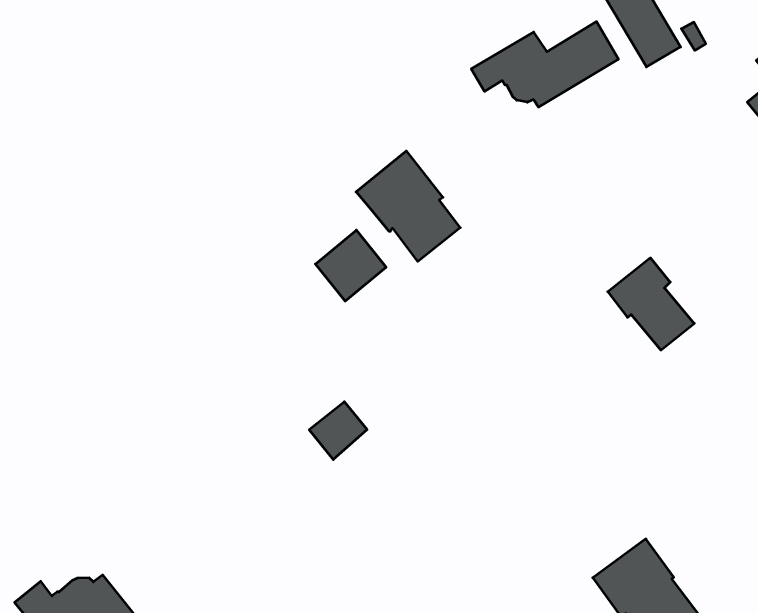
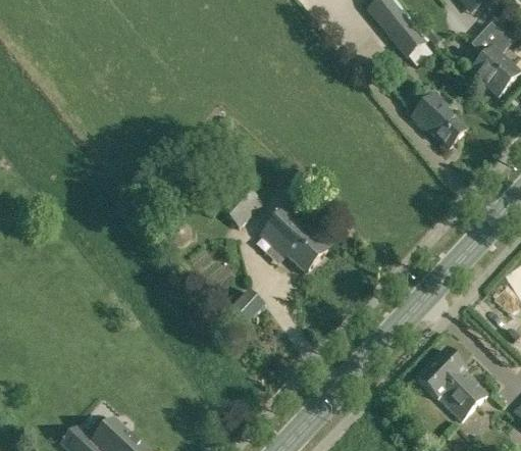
building: [471,22,618,107] -> none
building: [356,151,460,261] -> [259,204,326,271]
building: [608,258,694,350] -> [410,91,466,147]

